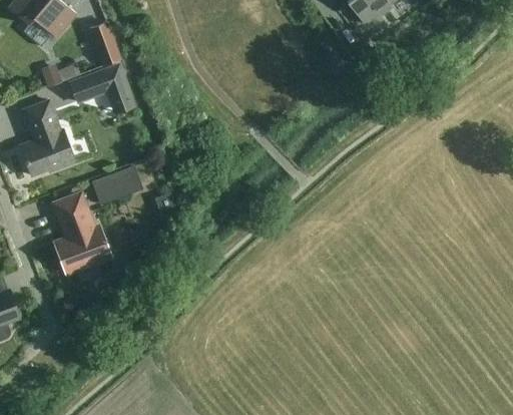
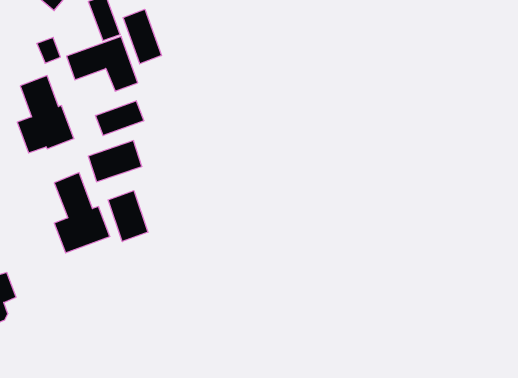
building: none -> [123,9,161,64]
building: none -> [96,101,144,136]
building: none -> [108,191,148,242]

